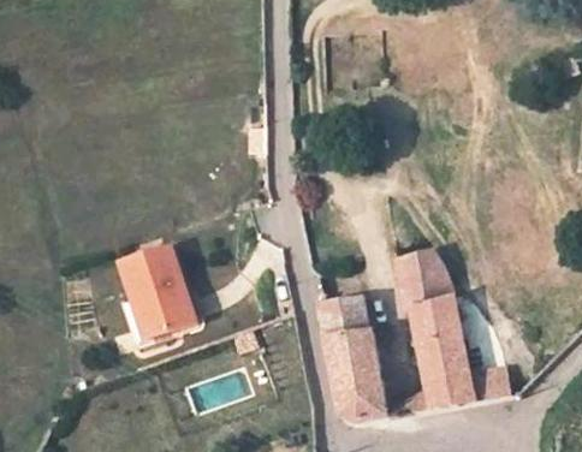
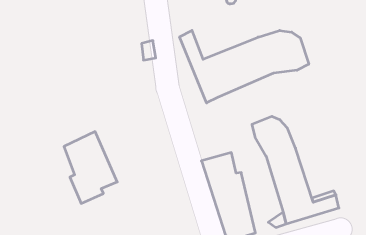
building: none -> [180,30,309,103]

